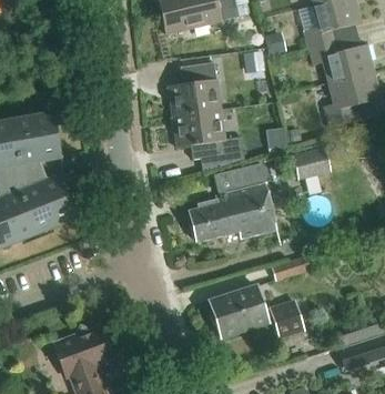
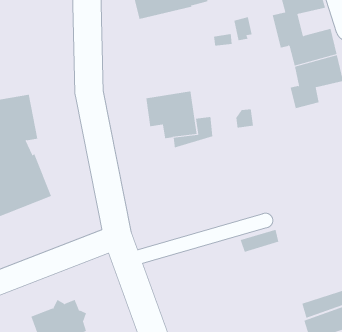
building: [169,62,221,117] -> none
building: [293,148,332,179] -> none
building: [189,163,277,242] -> none
building: [210,286,305,339] -> none

